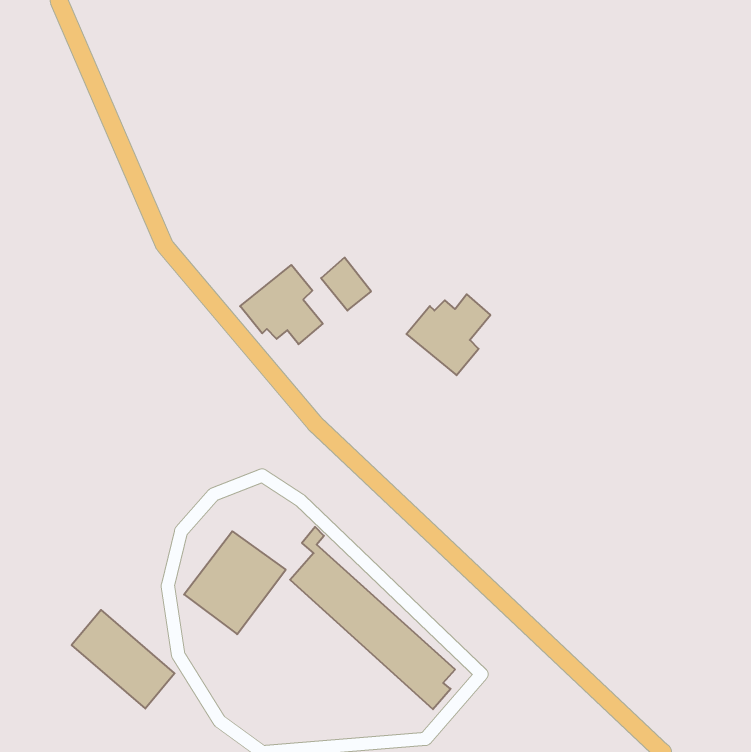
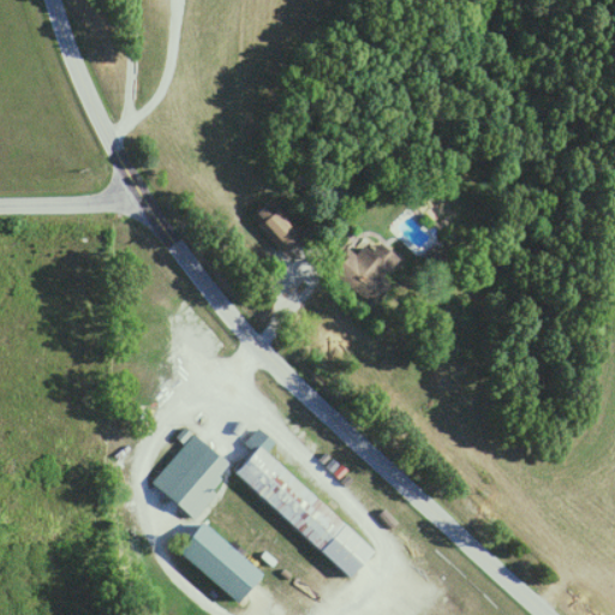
building: [240,265,323,344] -> none
building: [72,610,175,709] -> [180,524,264,604]

